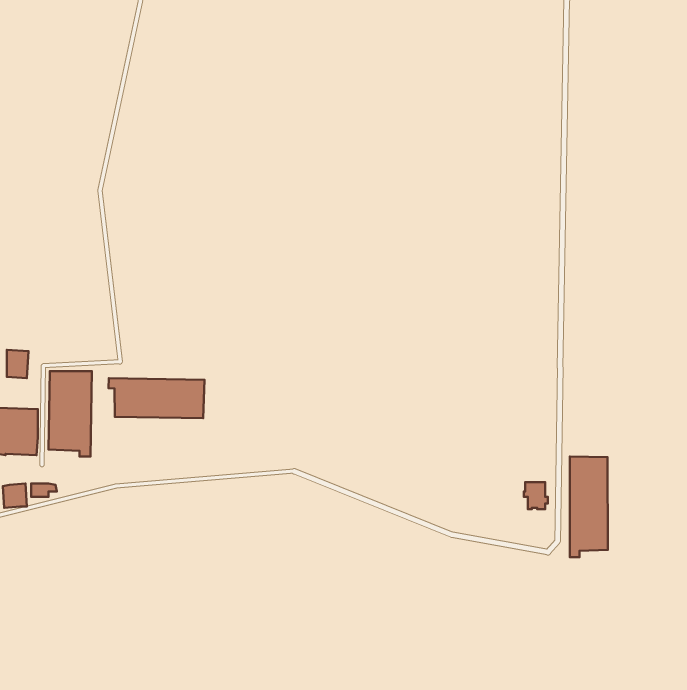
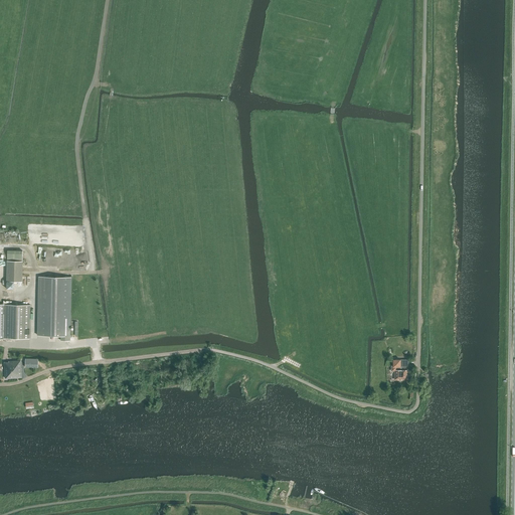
building: [108,378,205,418] -> none
building: [570,457,608,557] -> none

